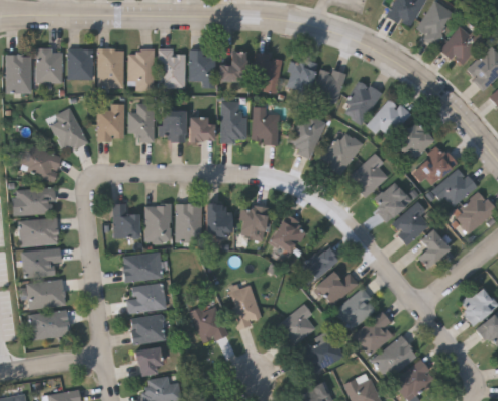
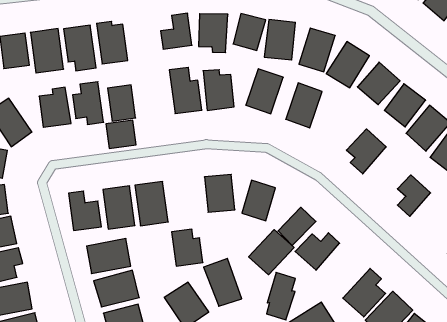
building: [190,49,214,83] -> none
building: [189,118,214,141] -> [106,120,136,148]
building: [347,153,388,197] -> none
building: [391,202,429,243] -> none
building: [206,203,231,235] -> [172,229,203,266]
building: [334,289,378,330] -> [249,230,294,275]

